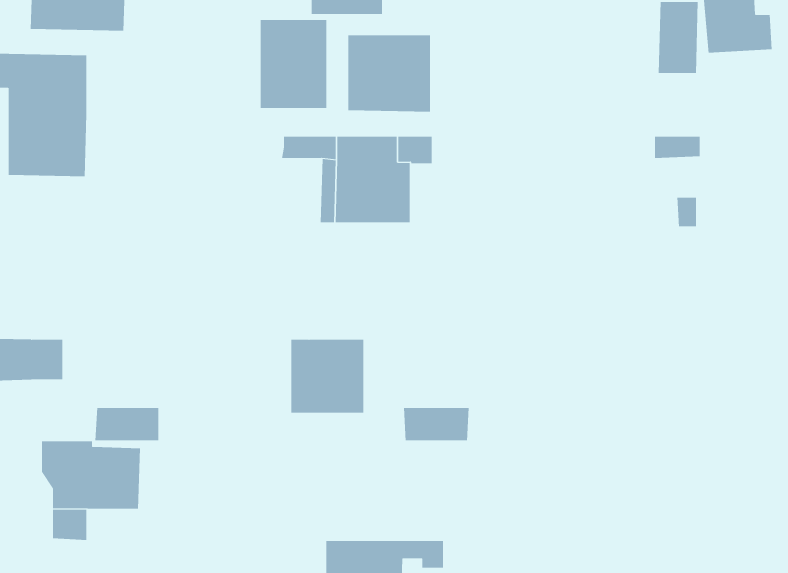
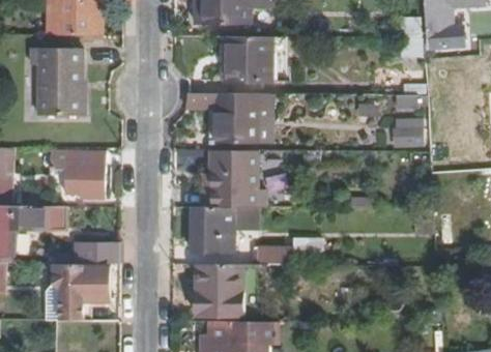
building: [260,19,327,109] -> none
building: none -> [203,150,266,207]
building: none -> [52,151,105,199]
building: none -> [197,271,243,315]

